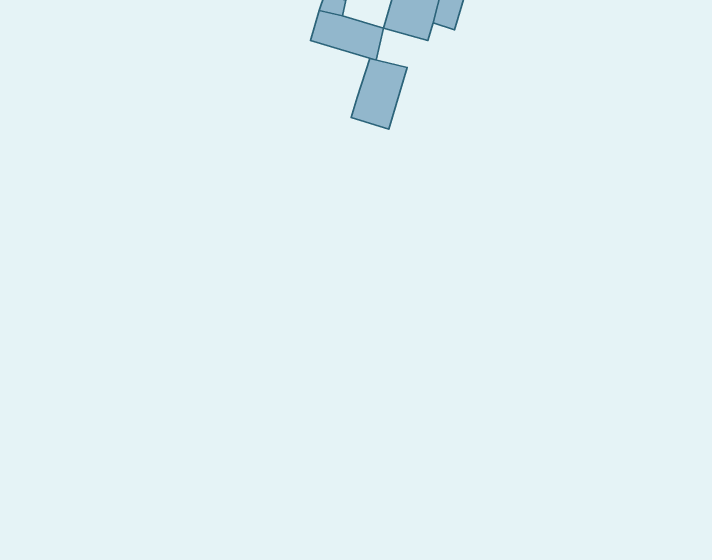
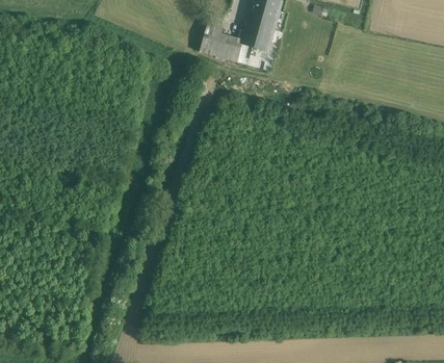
building: [351,59,407,129] -> none

